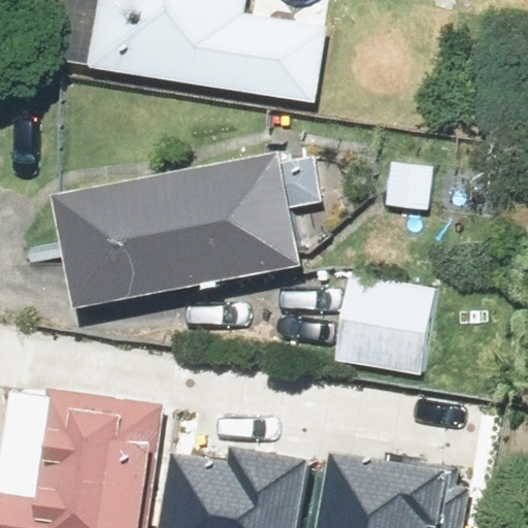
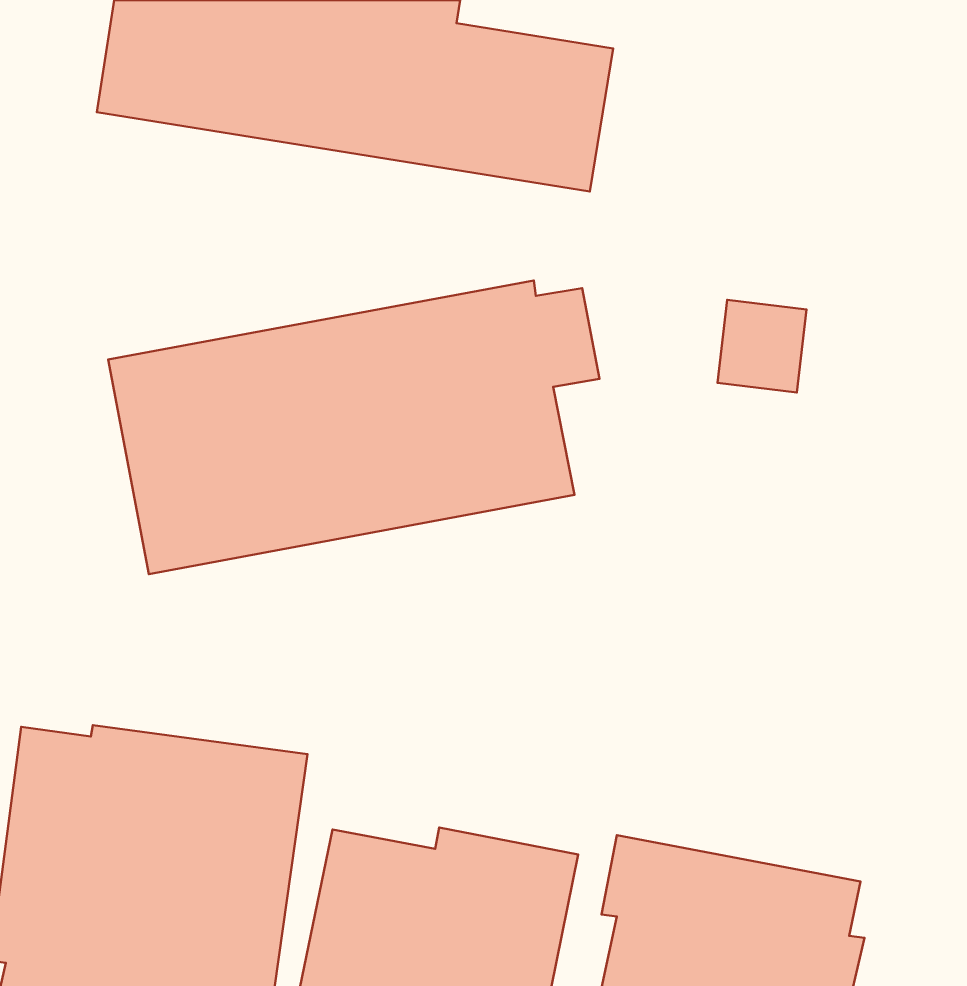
building: [334,275,433,373] -> none

